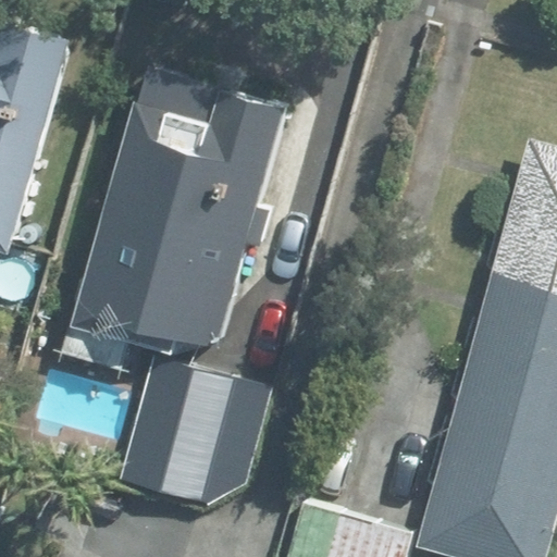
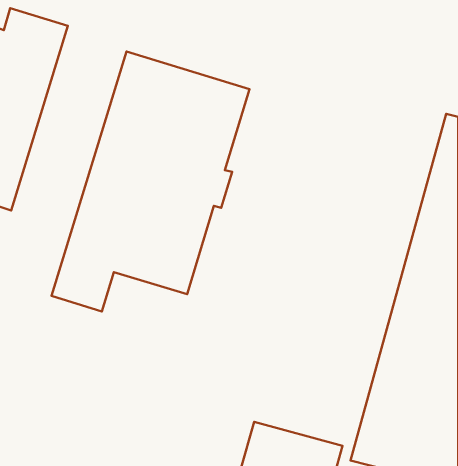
building: [117,357,264,507] -> none

